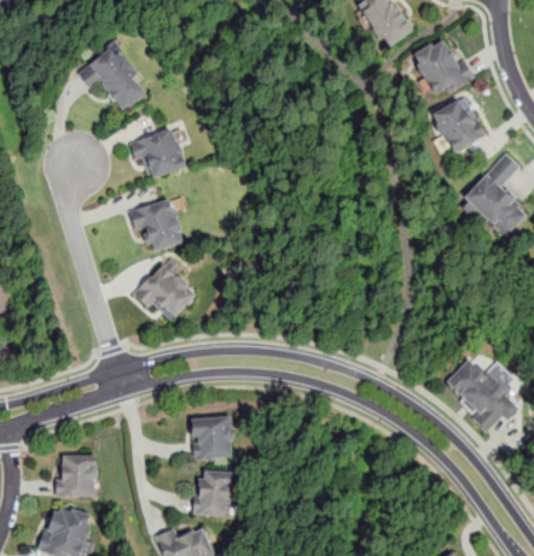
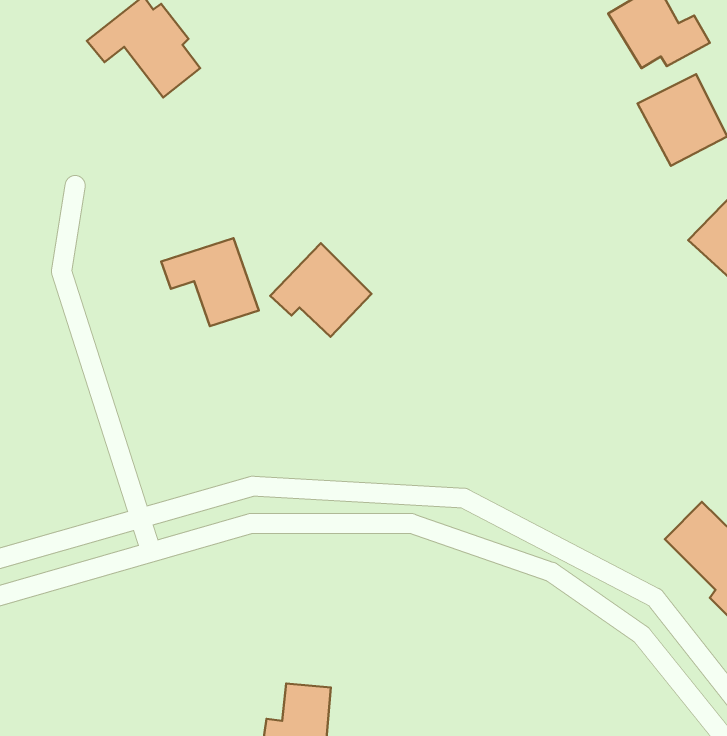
building: [124,124,185,175] -> none
building: [135,262,198,320] -> [270,243,372,337]
building: [195,417,237,460] -> none
building: [59,456,97,497] -> none

